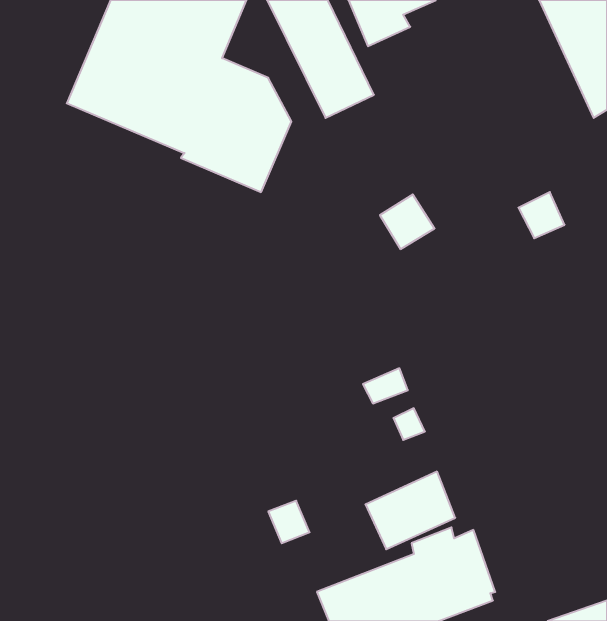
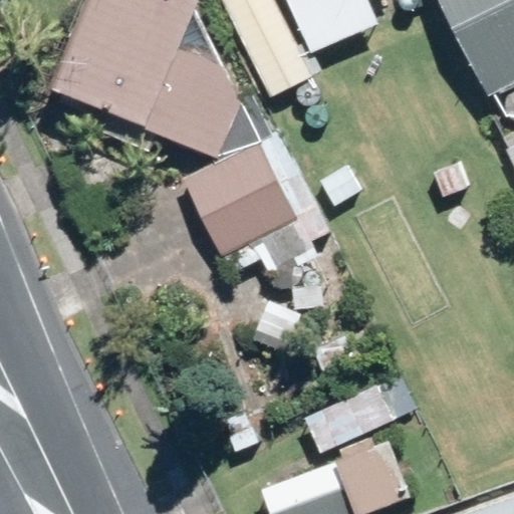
building: none -> [185,130,326,292]

